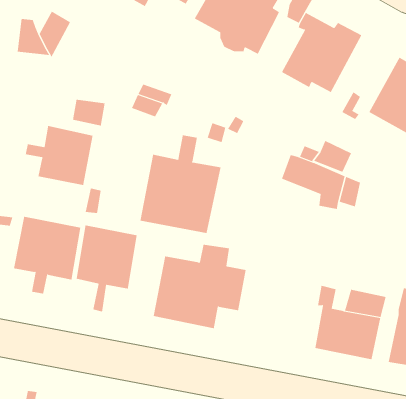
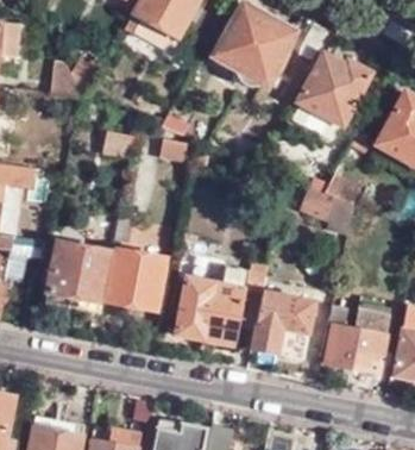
building: [25,125,93,186] -> none
building: [140,134,221,234] -> none
building: none -> [251,289,322,360]

